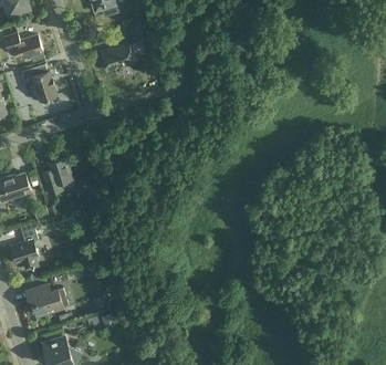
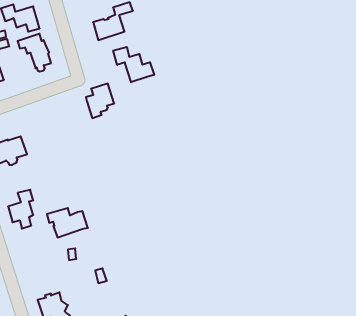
building: none -> [113,47,154,82]
building: [41,157,71,194] -> [86,84,114,118]
building: [24,283,67,314] -> [47,208,88,237]

